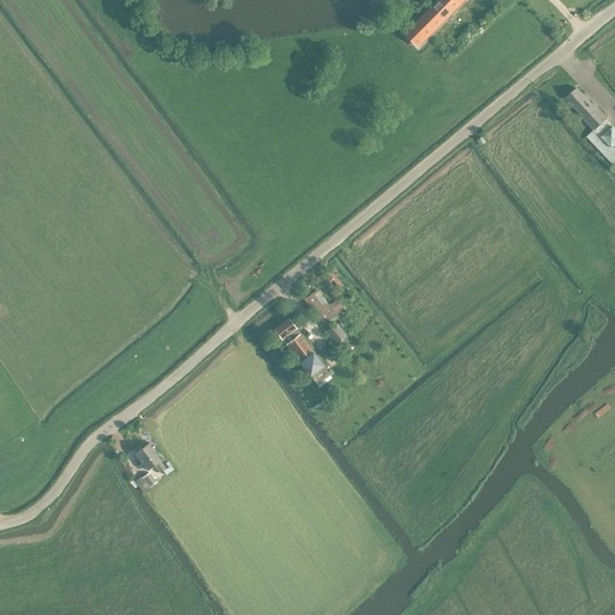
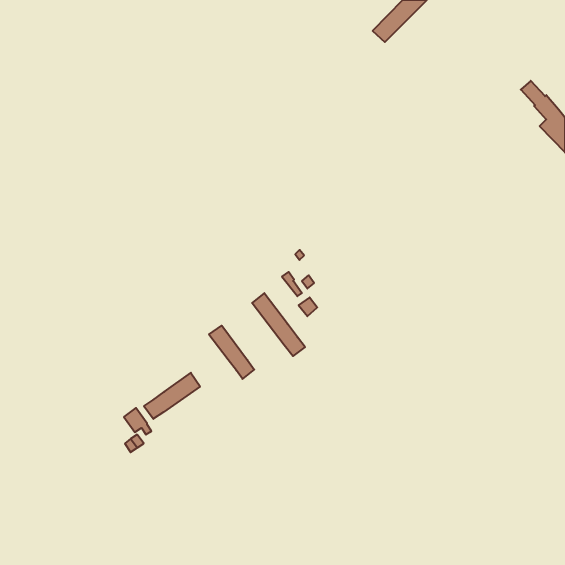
building: none -> [209,326,254,379]
building: none -> [144,373,200,419]

